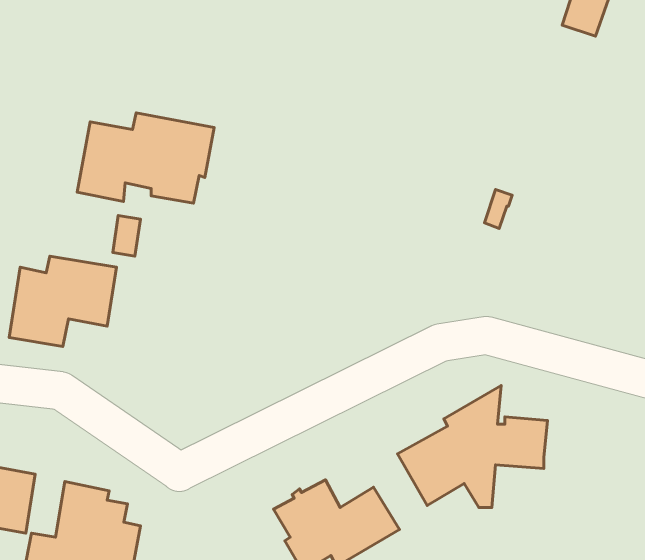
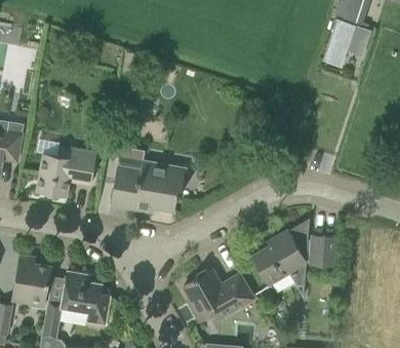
building: none -> [328,21,370,55]
building: [77,113,214,203] -> [110,160,186,210]

